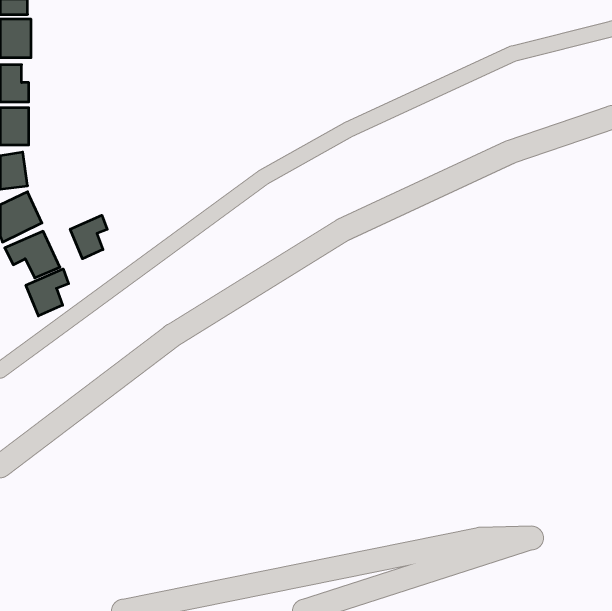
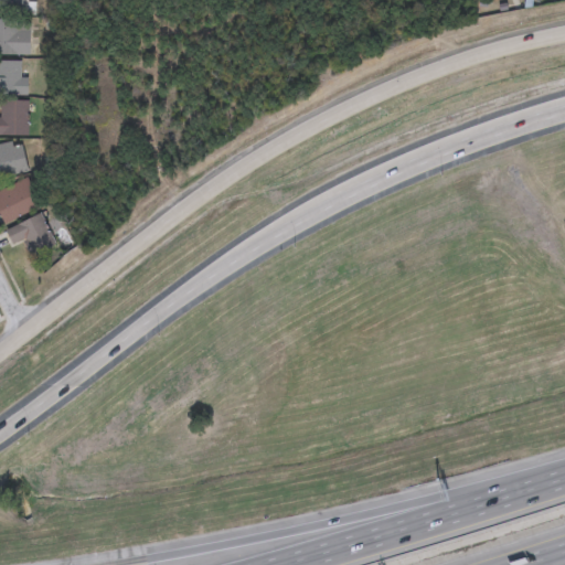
building: [70,215,107,259] -> none
building: [26,269,69,316] -> none

